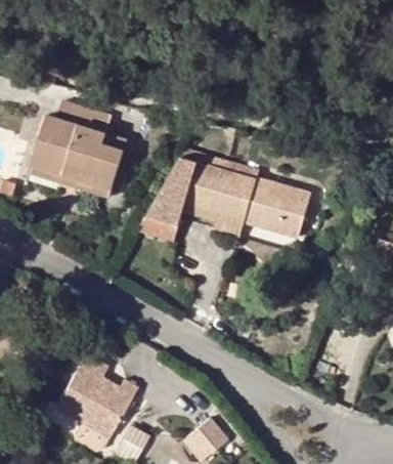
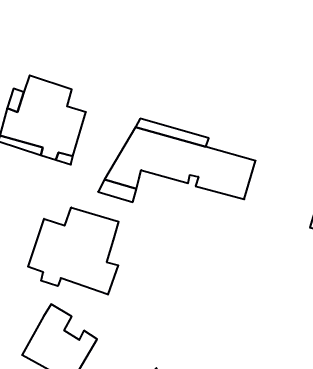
building: [183,206,248,238] -> none
building: none -> [28,207,119,295]

